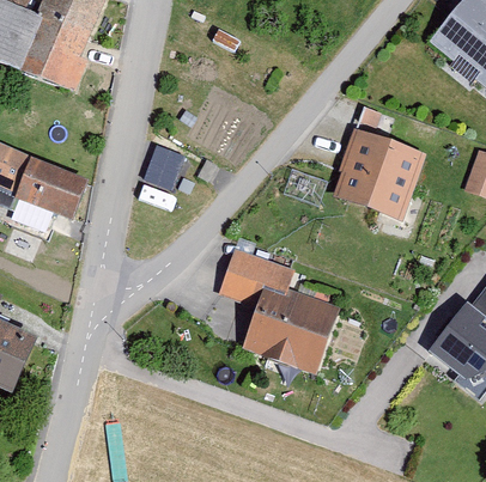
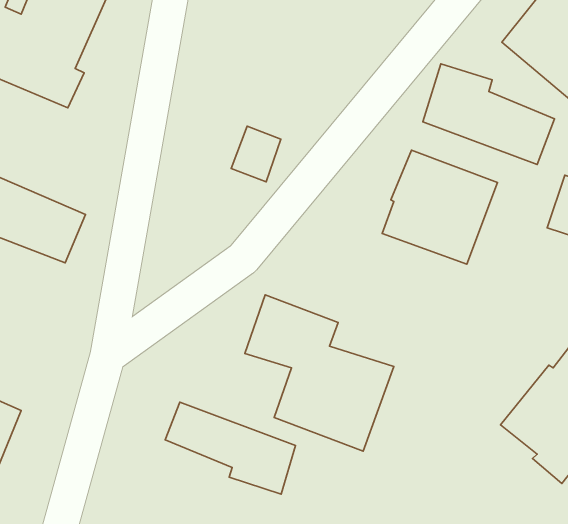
building: none -> [423,64,555,165]
building: [142,142,183,188] -> [231,126,281,182]
building: none -> [165,402,295,494]

